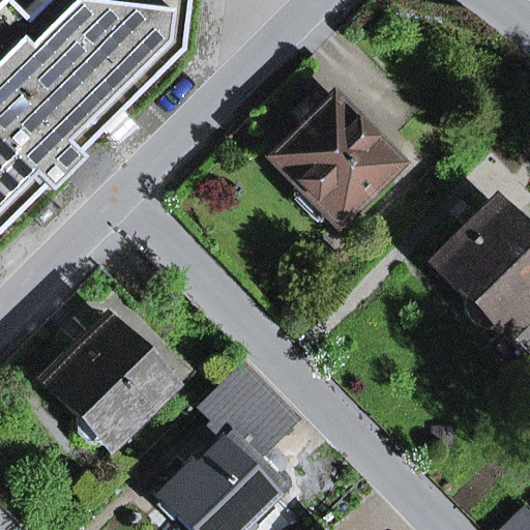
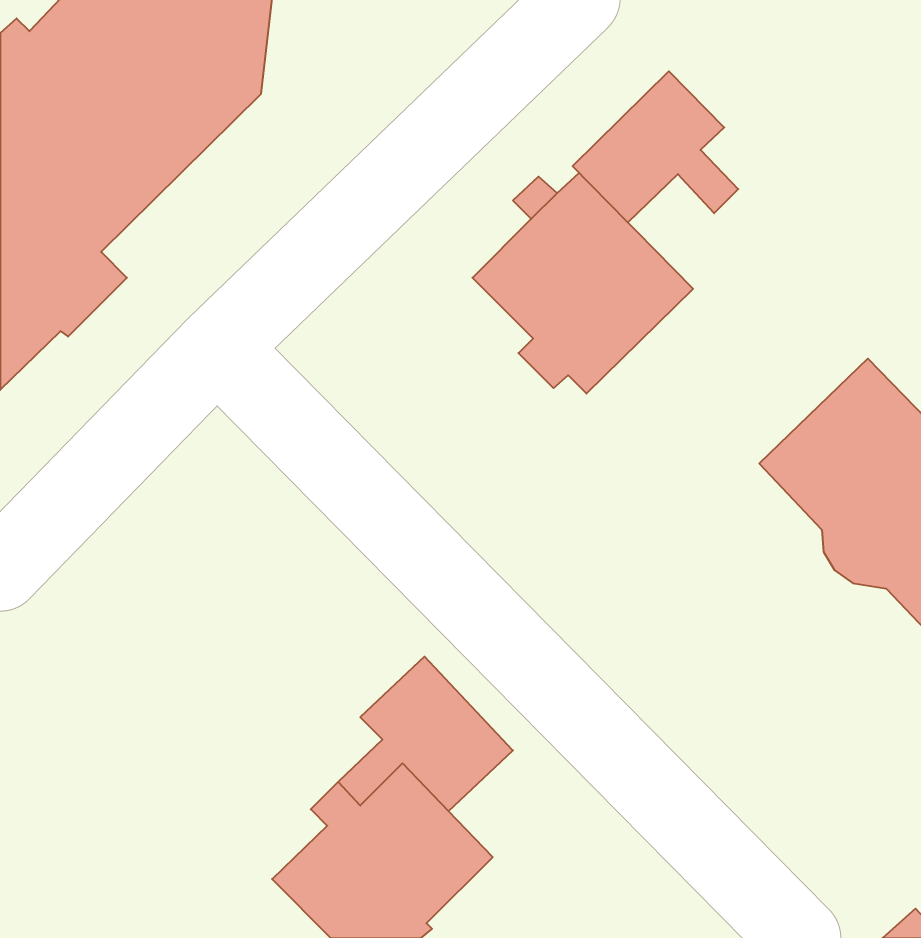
building: none -> [573,71,738,223]
building: [50,320,175,445] -> none

